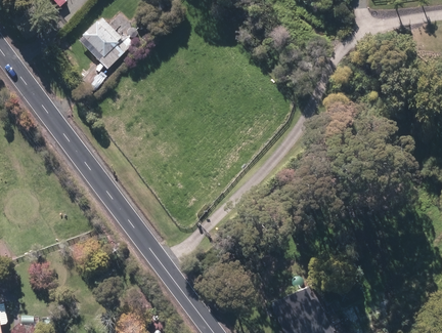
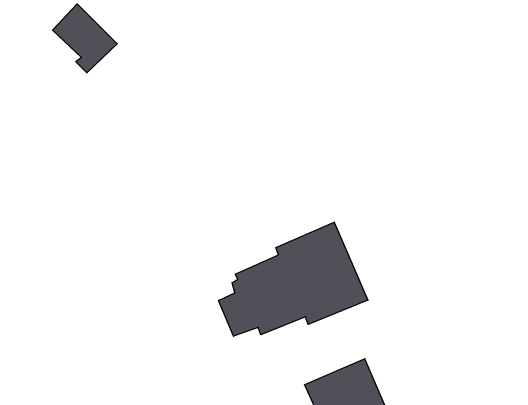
building: none -> [219,222,368,336]

